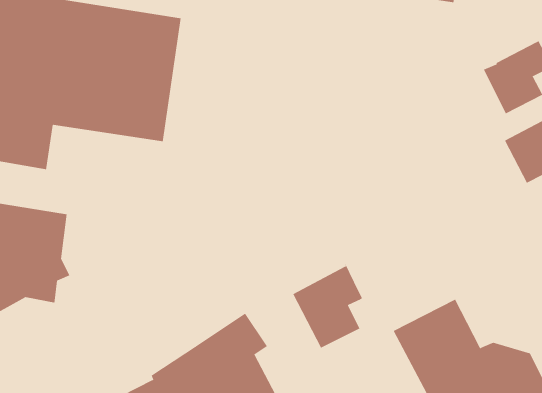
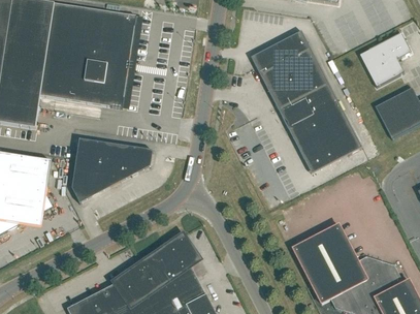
building: none -> [251,29,361,172]
building: none -> [71,137,153,202]
building: [293,262,363,348] -> none

